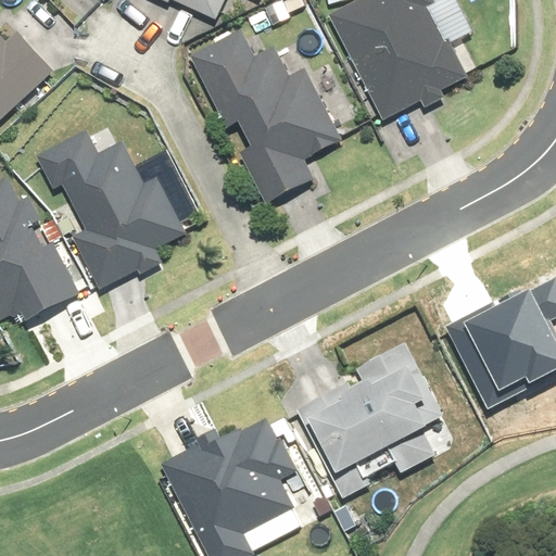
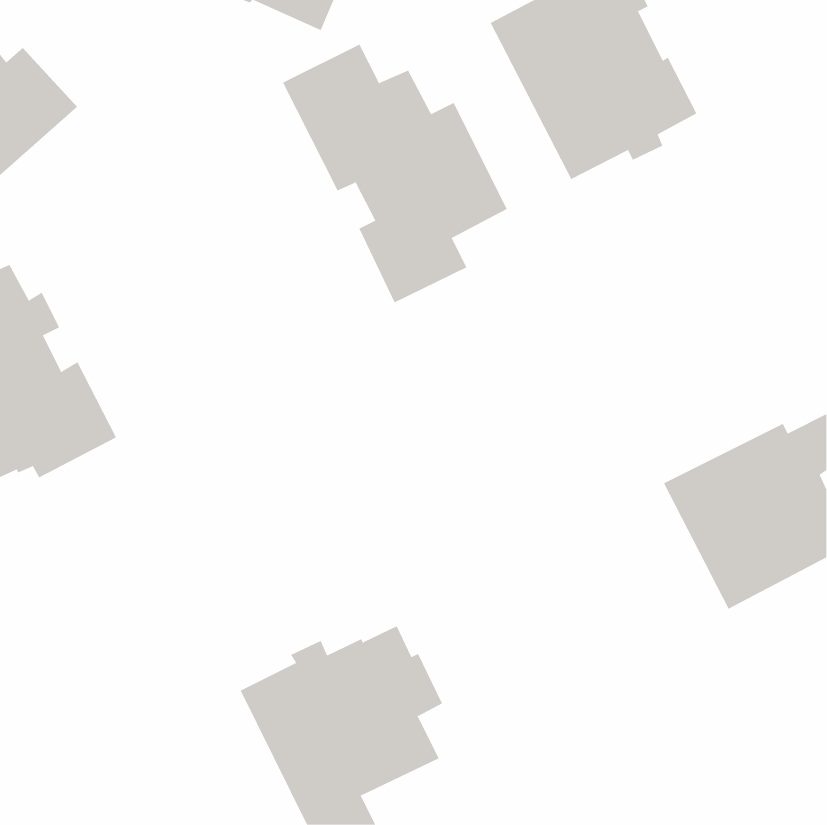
building: [36,130,186,290] -> none
building: [295,343,442,498] -> none

